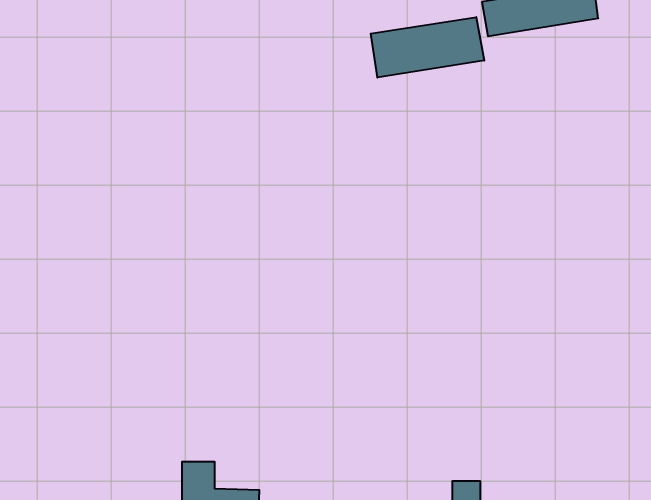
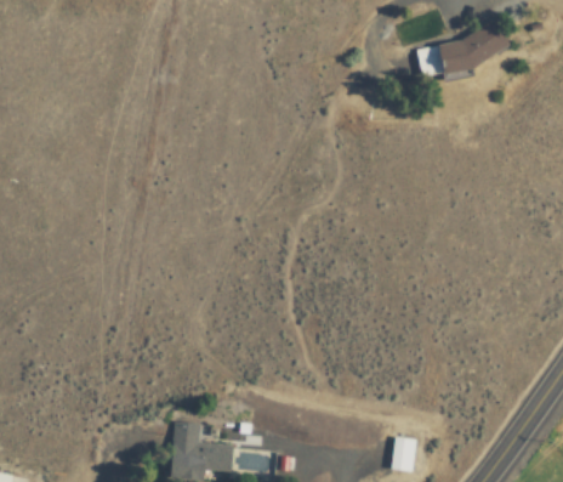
building: [371,17,484,78] -> none

